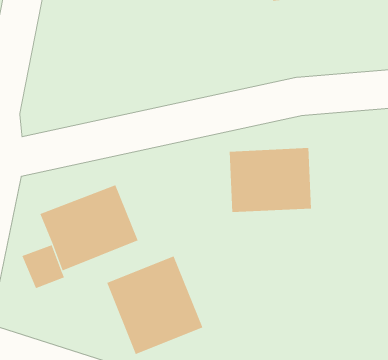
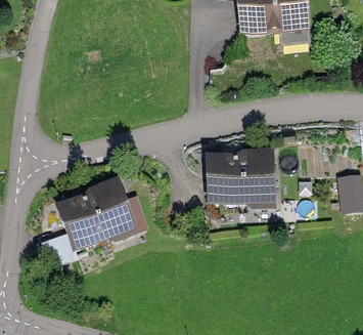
building: [106,256,203,355] -> none

